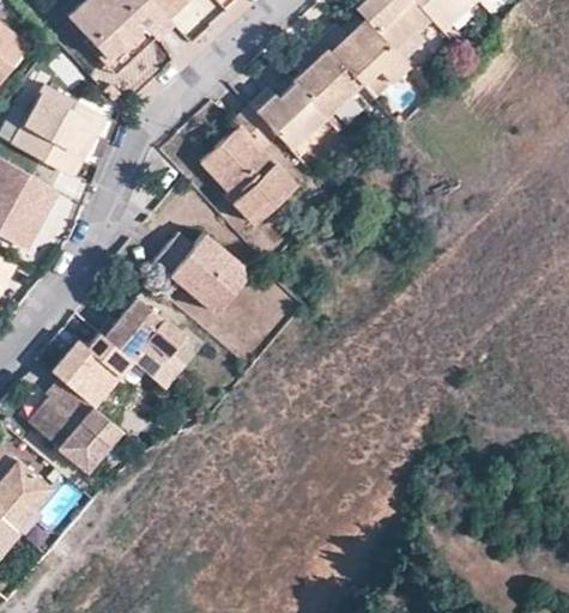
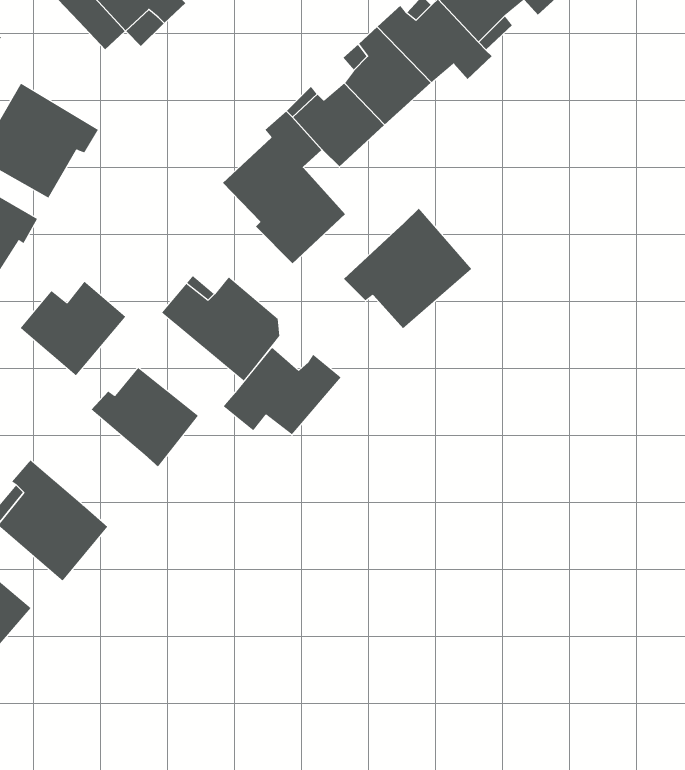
building: none -> [343,208,472,329]
building: none -> [223,347,342,435]
building: [52,335,133,408] -> [20,281,126,376]

